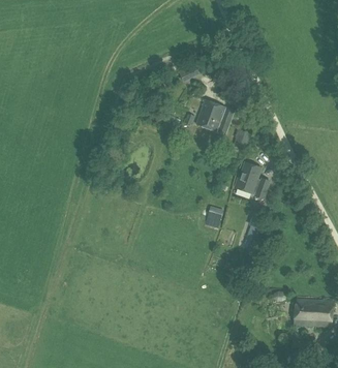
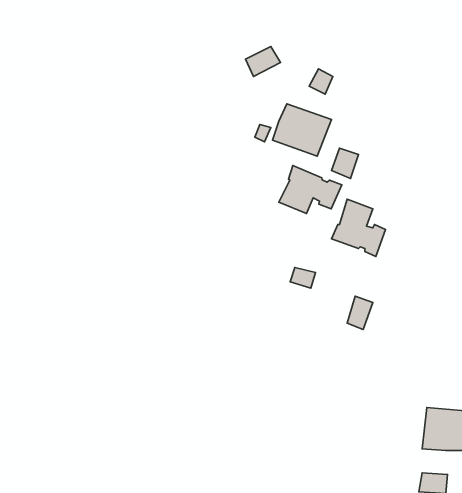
building: none -> [279,165,342,214]

